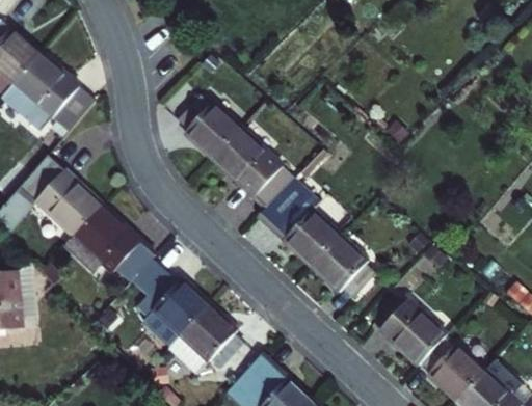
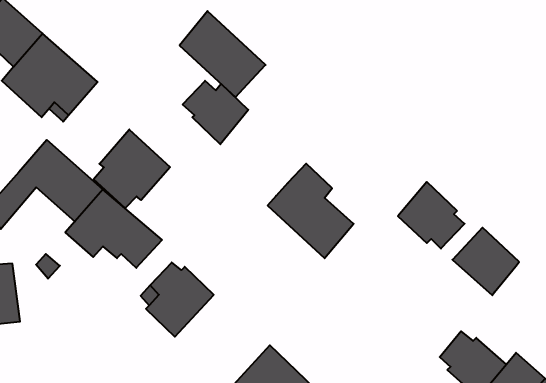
building: [213,126,296,209] -> [180,11,266,97]
building: none -> [94,129,170,208]
building: [314,236,378,300] -> [398,182,465,249]
building: [384,302,449,368] -> [452,228,519,295]
building: [166,304,240,374] -> none

